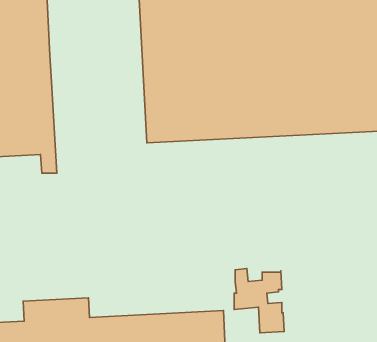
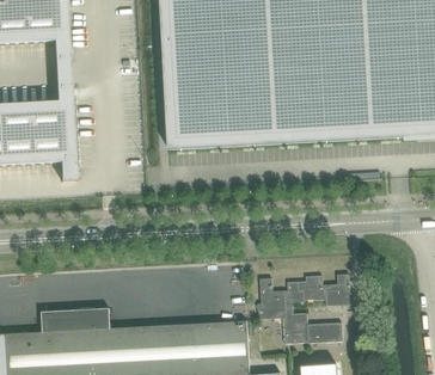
building: none -> [305,273,354,305]
building: none -> [308,321,343,342]

